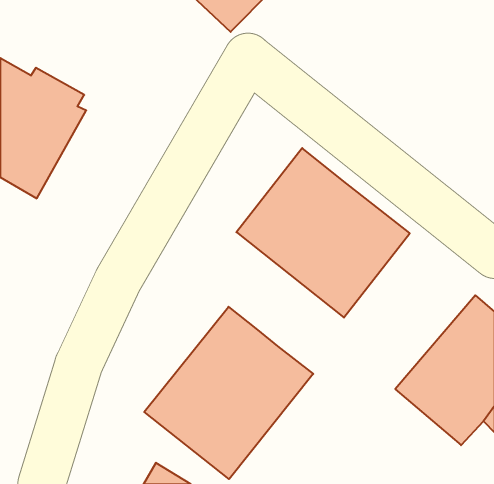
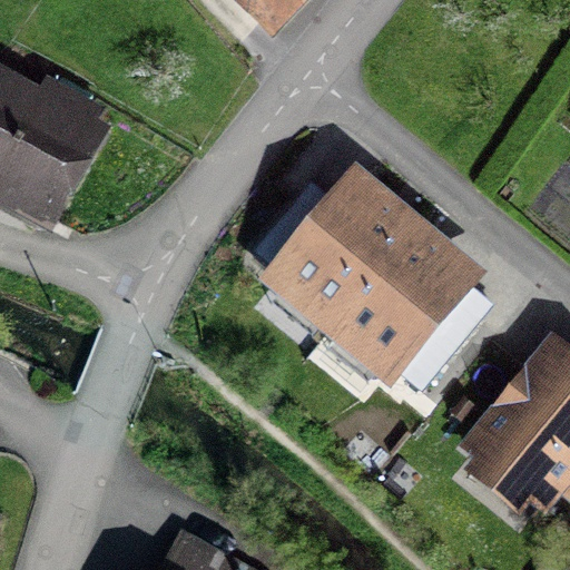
building: [144,307,313,479] -> none

